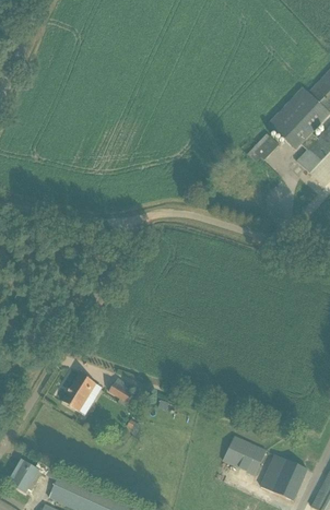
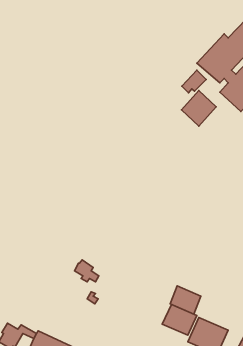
building: none -> [181,91,216,126]
building: [61,373,96,415] -> none
building: none -> [170,286,201,314]

